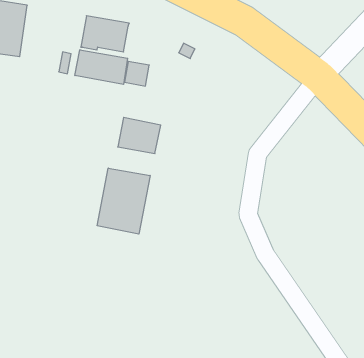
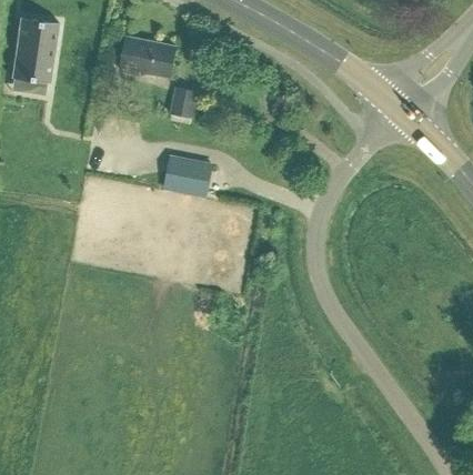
building: [75,50,128,84] -> none
building: [97,168,150,234] -> none

